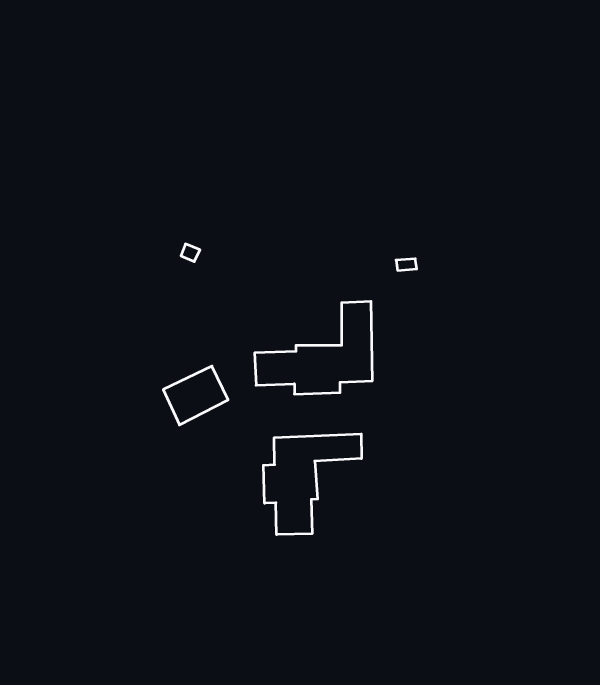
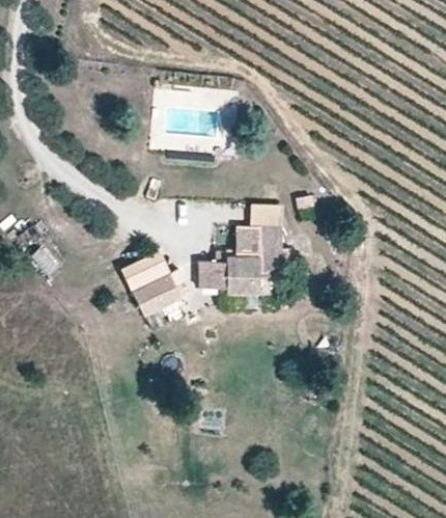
building: [263,434,361,535] -> none

